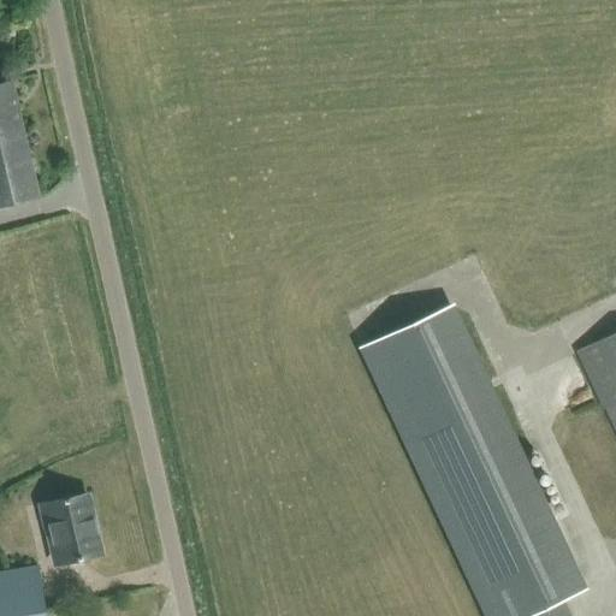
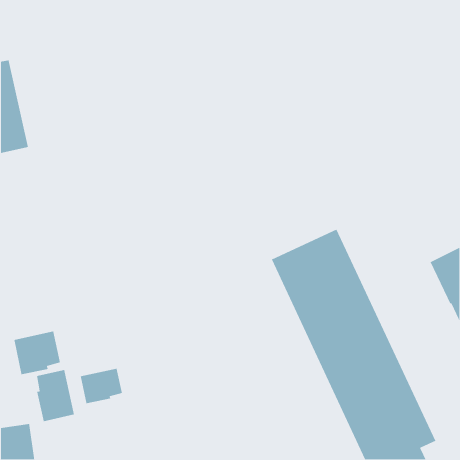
building: none -> [13,331,61,375]
building: none -> [80,368,123,404]

